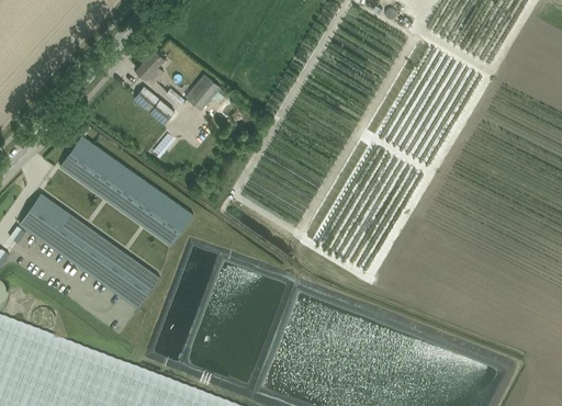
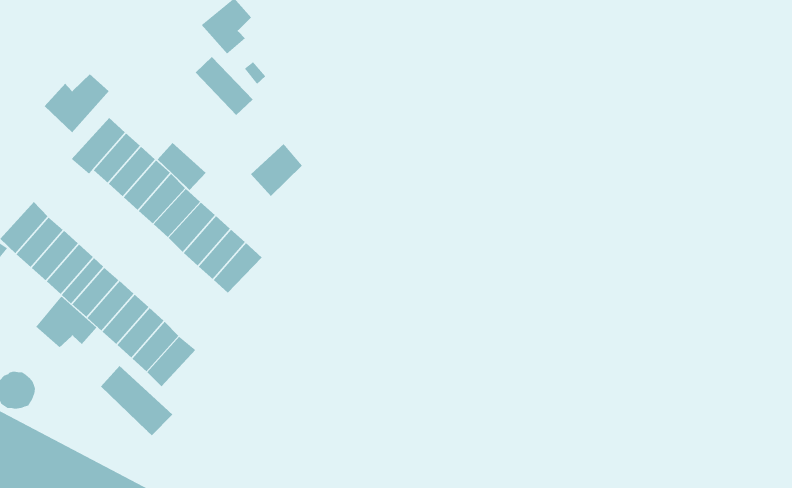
building: [187,75,221,111] -> [250,143,303,197]
building: none -> [44,73,109,133]
building: none -> [157,142,206,191]
building: none -> [35,295,97,348]
building: none -> [100,365,173,436]

